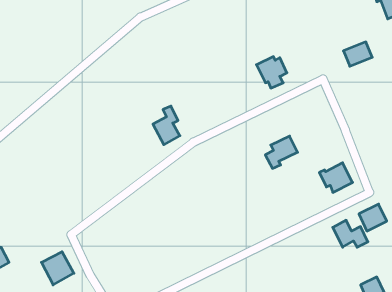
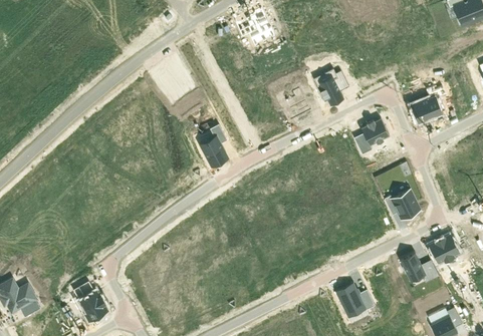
building: [343,42,372,66] -> [411,95,443,122]
building: [265,136,298,168] -> [354,117,391,153]
building: none -> [335,283,375,317]

